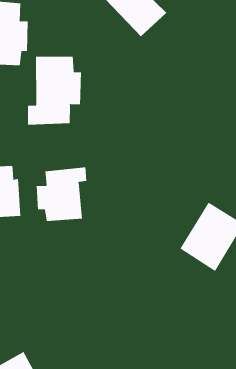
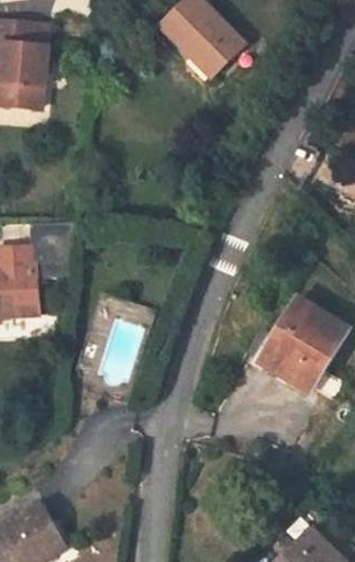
building: [27,56,81,125] -> none
building: [36,167,87,222] -> none

